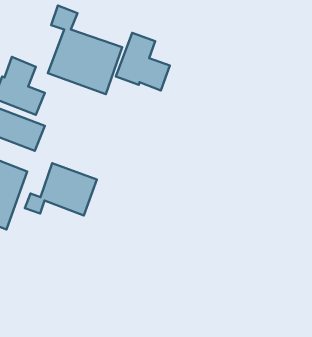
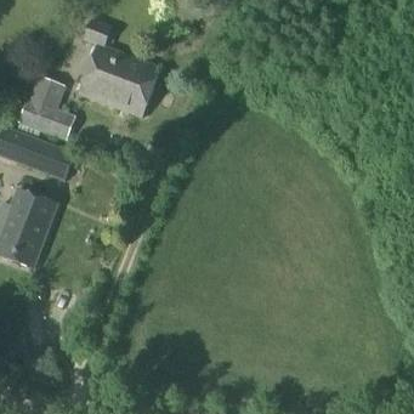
building: [116,33,170,91] -> none
building: [25,163,97,215] -> none

